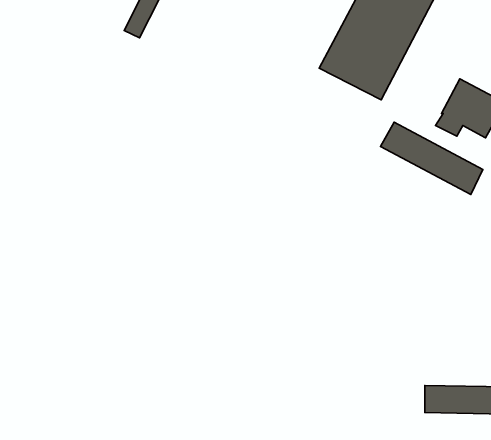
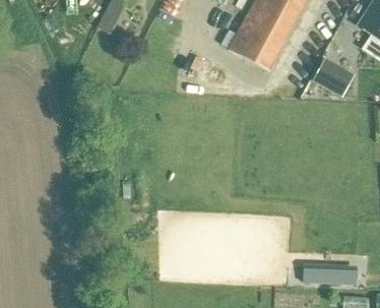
building: [381,122,483,195] -> none

